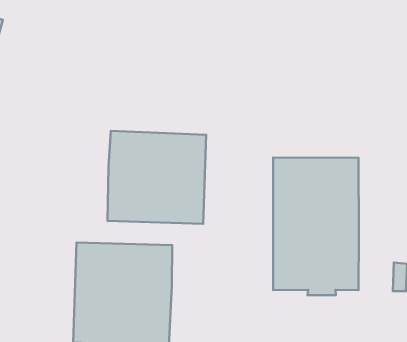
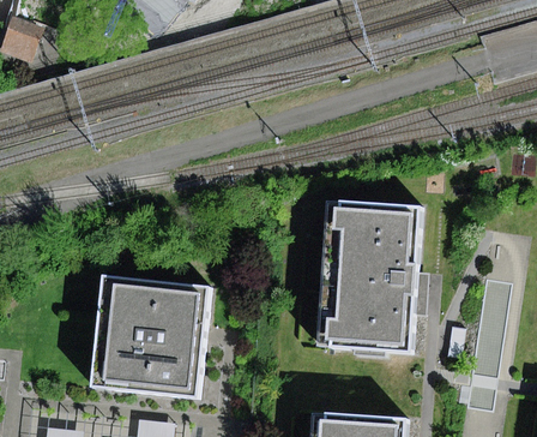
building: [108,131,206,224] -> none

